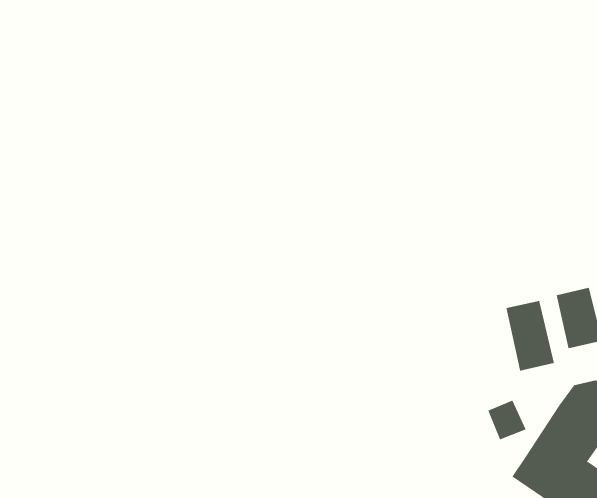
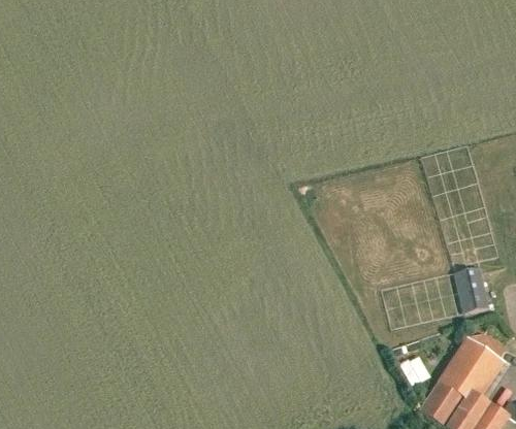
building: [506,300,554,372] -> none

